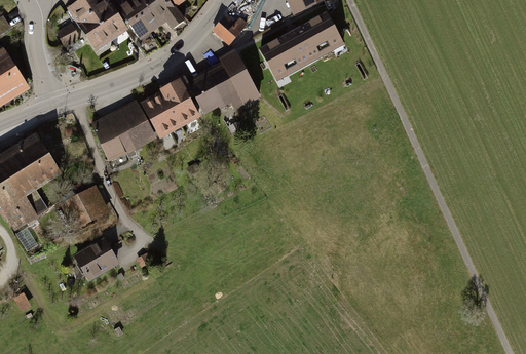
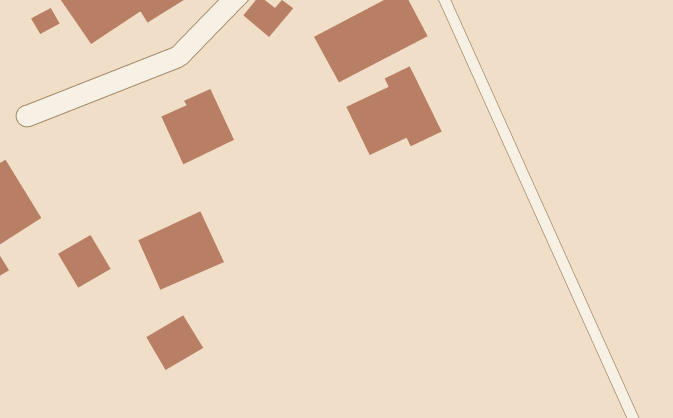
building: [191,48,262,114] -> [345,65,443,156]
building: [95,103,158,161] -> [137,210,225,291]
building: [72,237,115,278] -> [145,314,205,371]

